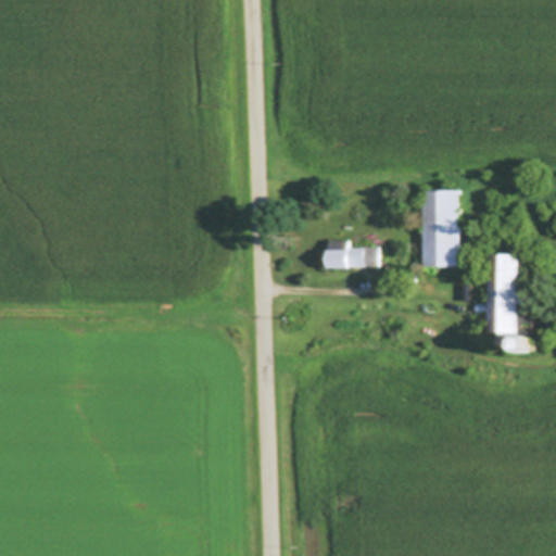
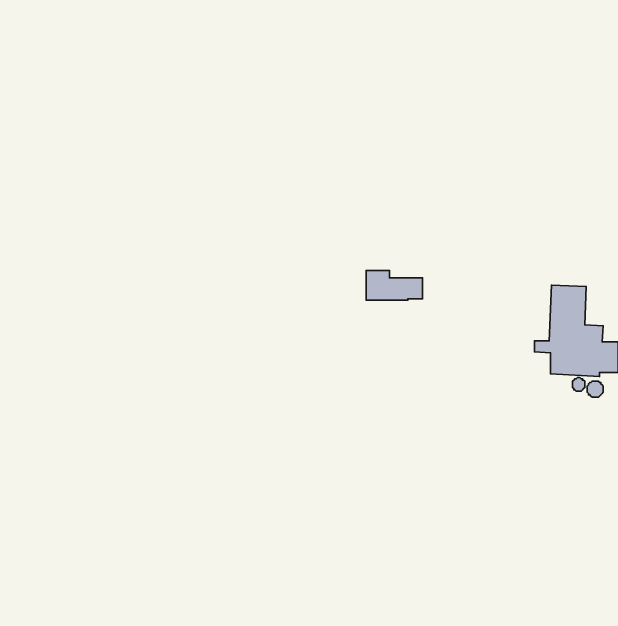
building: [415,192,457,268] -> none

